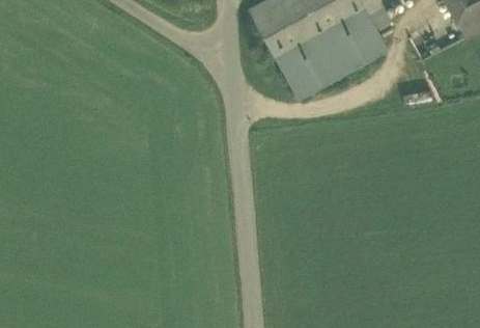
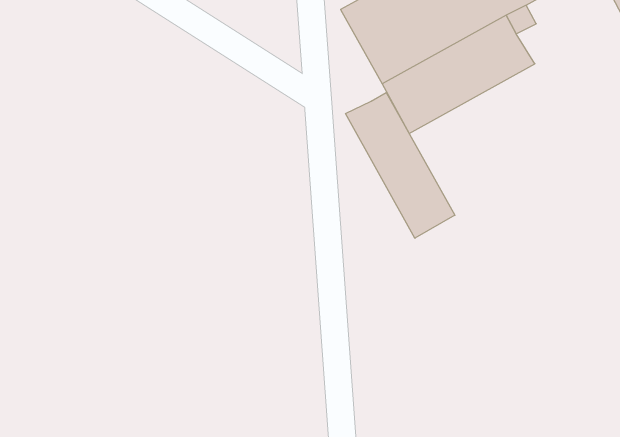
building: none -> [346,93,455,238]

